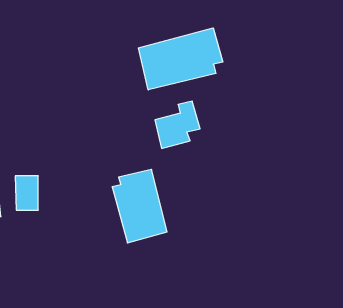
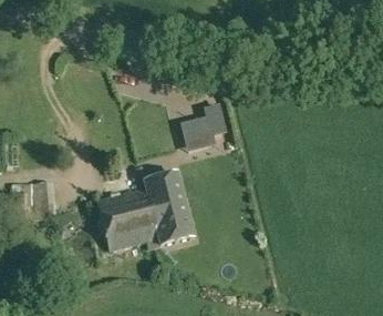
building: [138,28,223,90] -> none
building: none -> [97,191,153,251]

